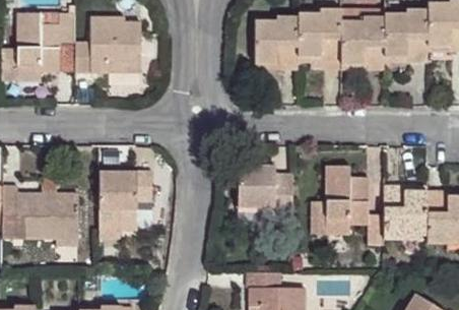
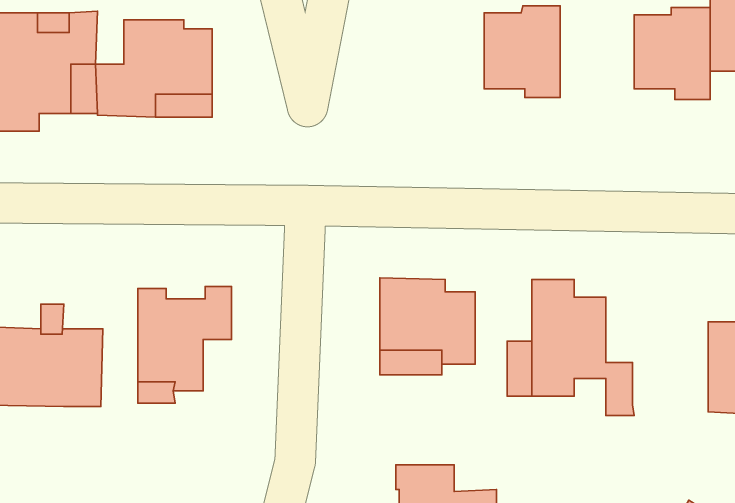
building: [254,16,298,70] -> none
building: [341,16,384,70] -> none
building: [383,186,427,239] -> none

